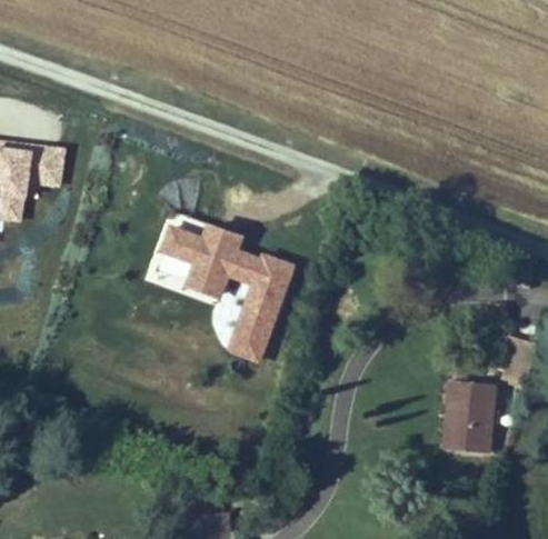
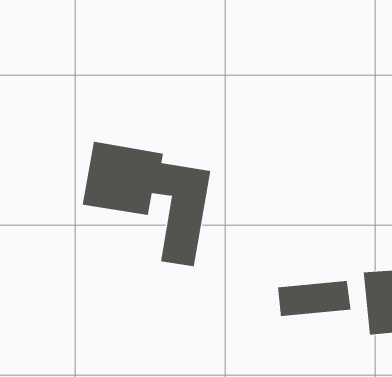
building: none -> [277,280,351,317]

